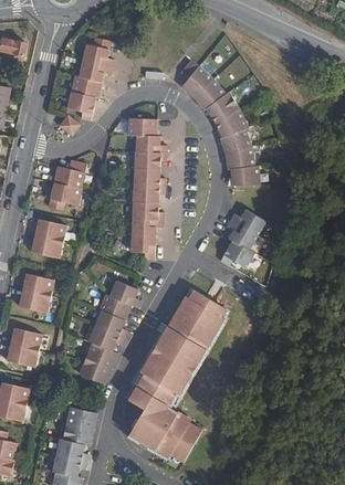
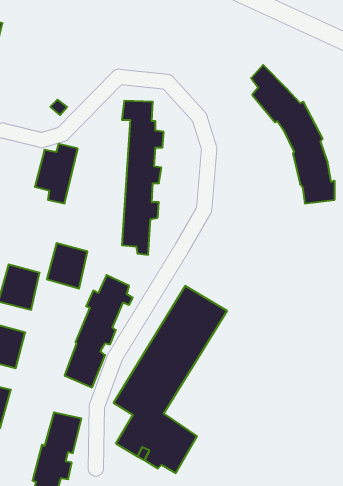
building: [71,38,118,120] -> none
building: [185,61,262,189] -> [251,65,335,203]
building: [224,213,269,271] -> none
building: [30,217,67,259] -> [47,243,87,289]

